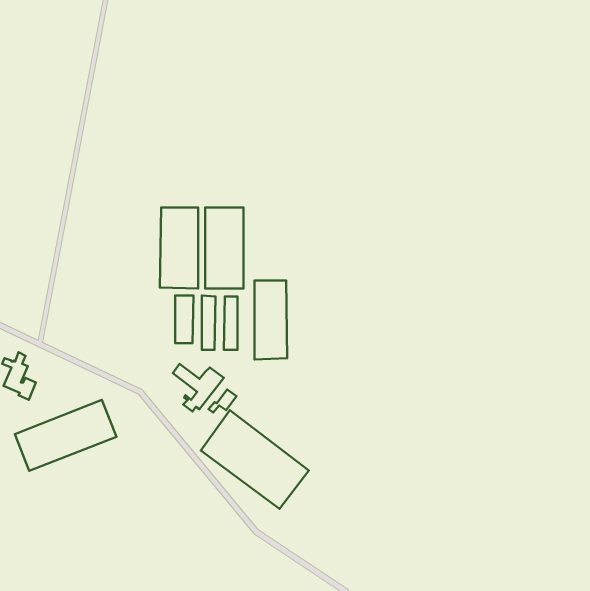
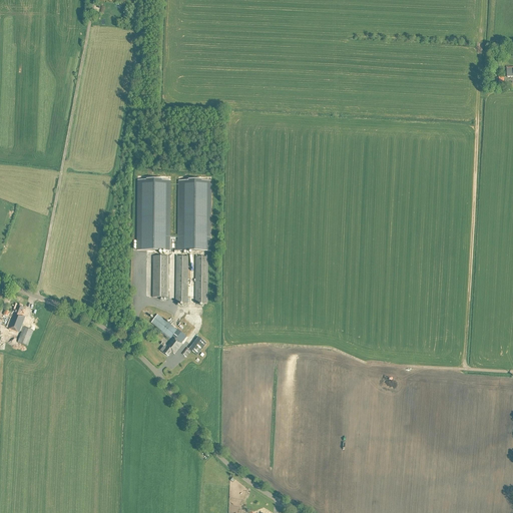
building: [254,281,287,359] -> none
building: [15,400,116,471] -> none
building: [201,410,309,509] -> none

